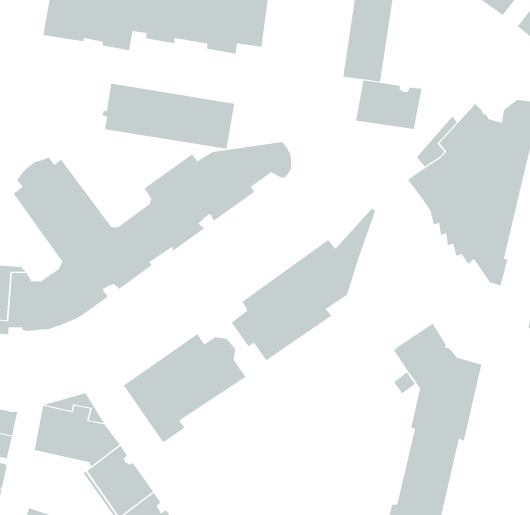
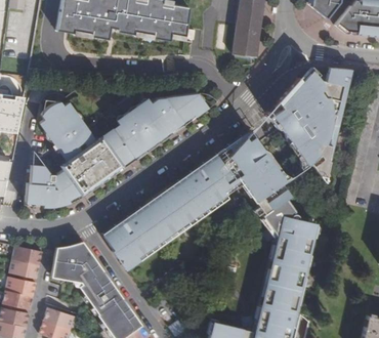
building: [356,80,422,130] -> none
building: [102,83,235,150] -> none
building: none -> [248,153,291,213]
building: none -> [149,186,188,230]

